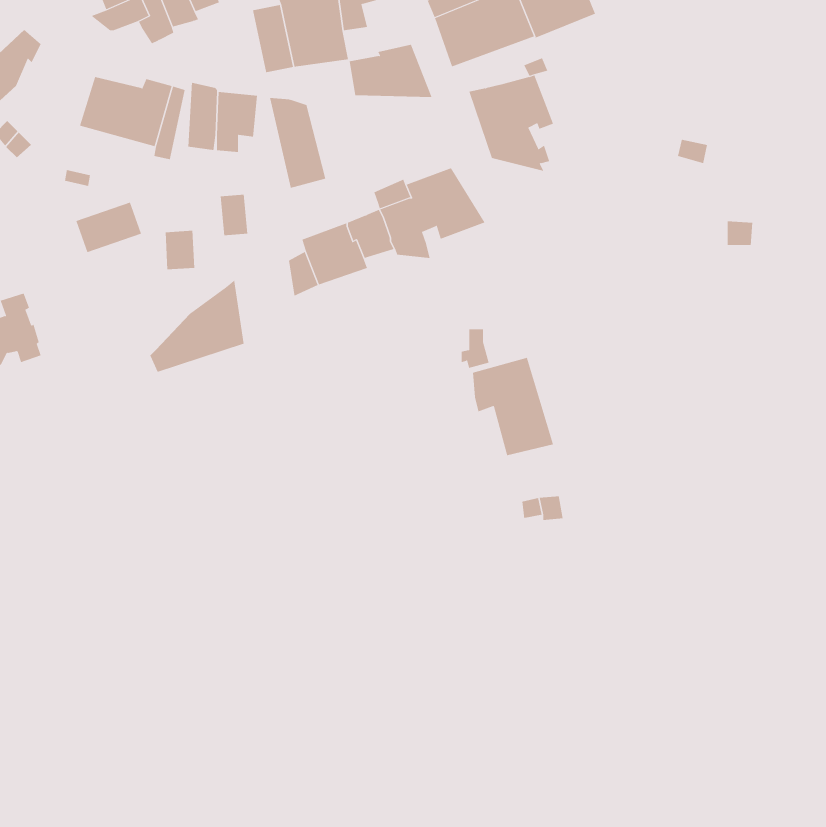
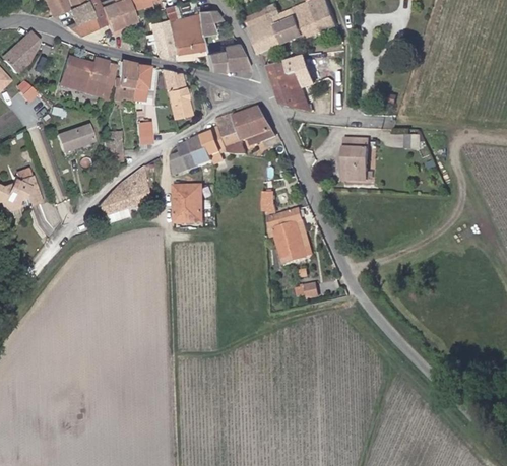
building: none -> [344,138,369,180]
building: none -> [174,184,203,221]

